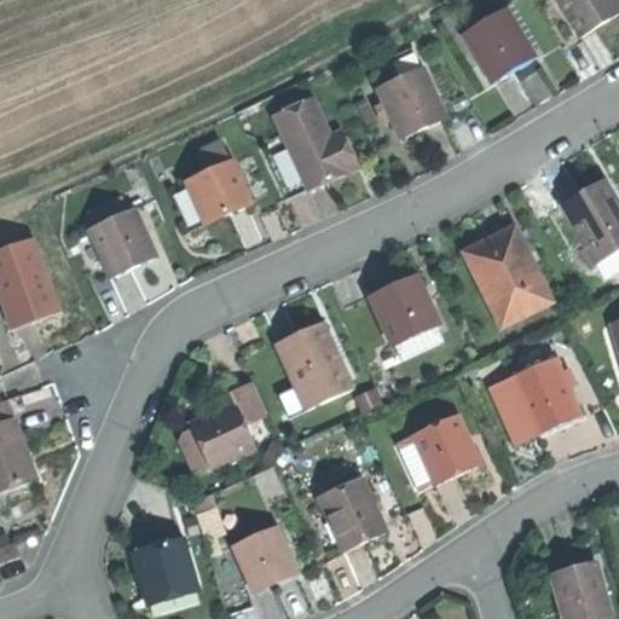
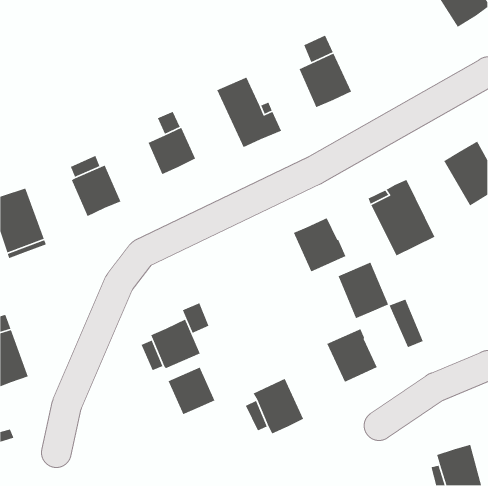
building: [462,6,534,81] -> none
building: [274,322,352,409] -> none
building: [513,359,578,432] -> [337,262,389,319]
building: [235,527,295,589] -> [168,366,215,415]
building: [132,537,196,597] -> none

